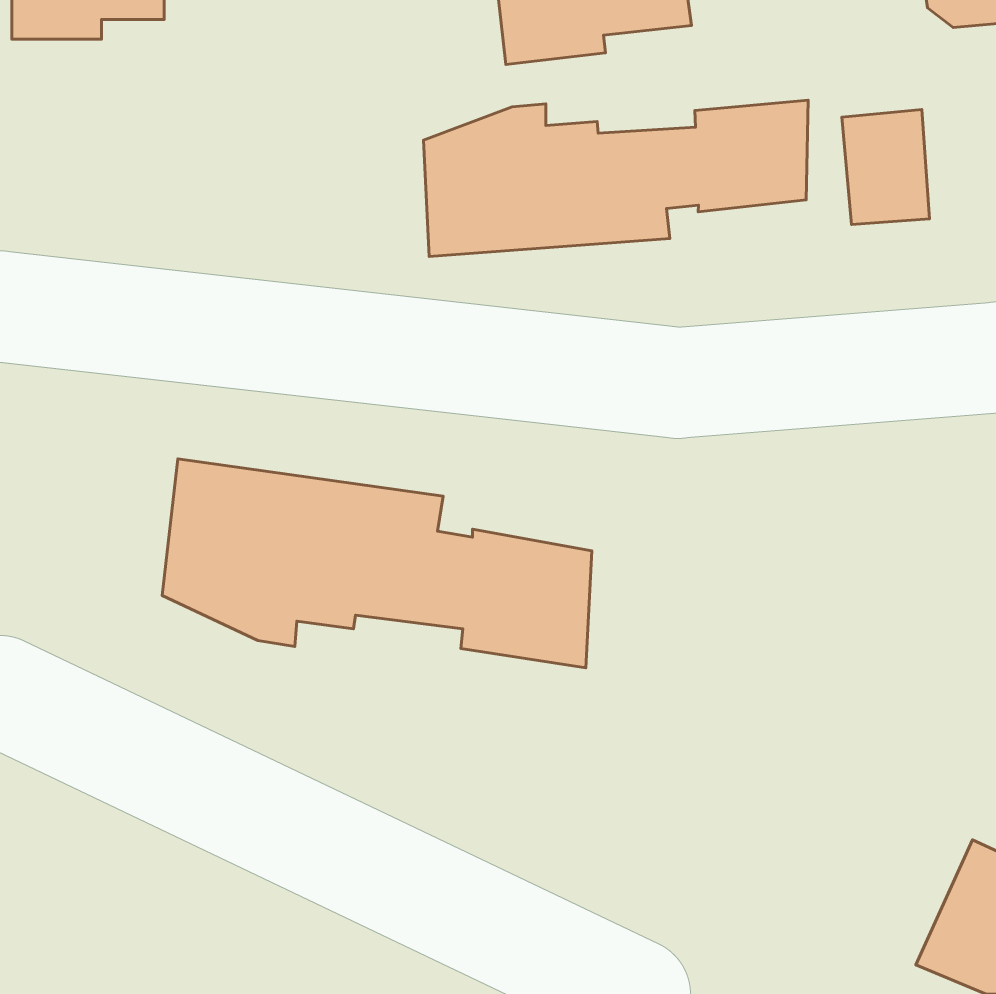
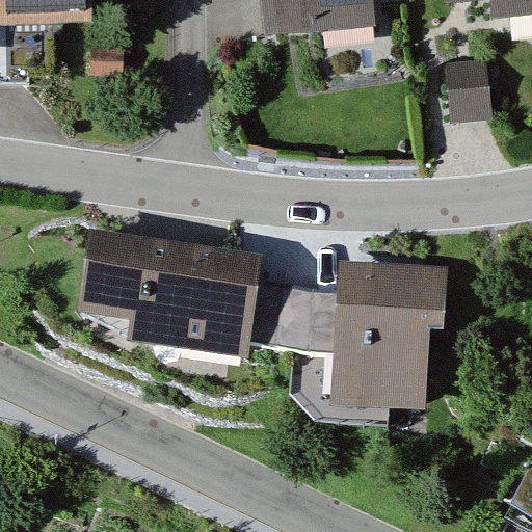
building: [424,100,808,257] -> none
building: none -> [313,274,444,406]

